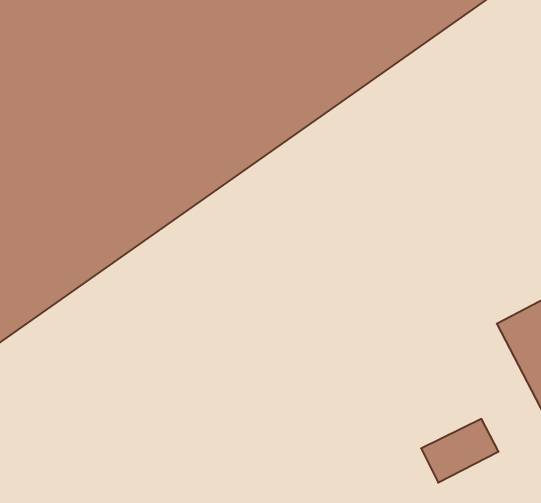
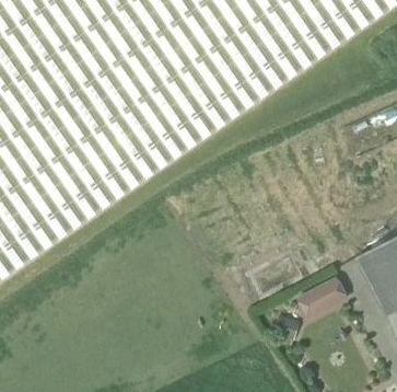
building: [421,419,499,483] -> [293,276,348,321]

